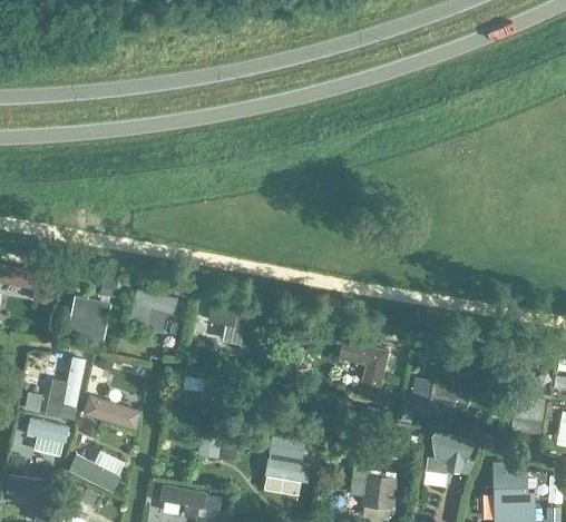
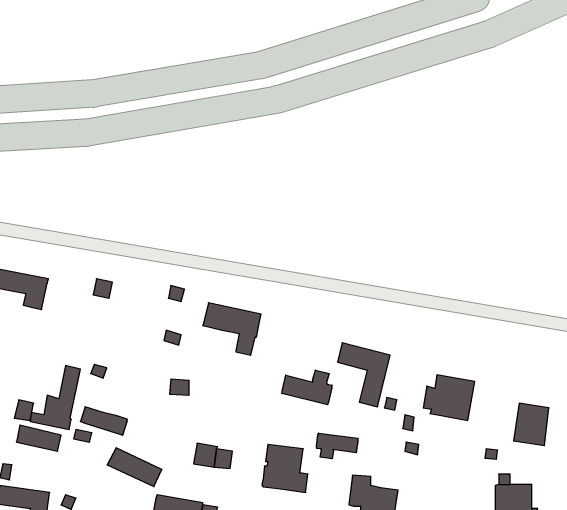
building: [128,289,176,333] -> none
building: [66,297,109,341] -> none
building: none -> [282,370,332,405]
building: none -> [316,433,358,459]
building: [424,435,475,474] -> none
building: [67,454,120,492] -> [107,448,162,487]

